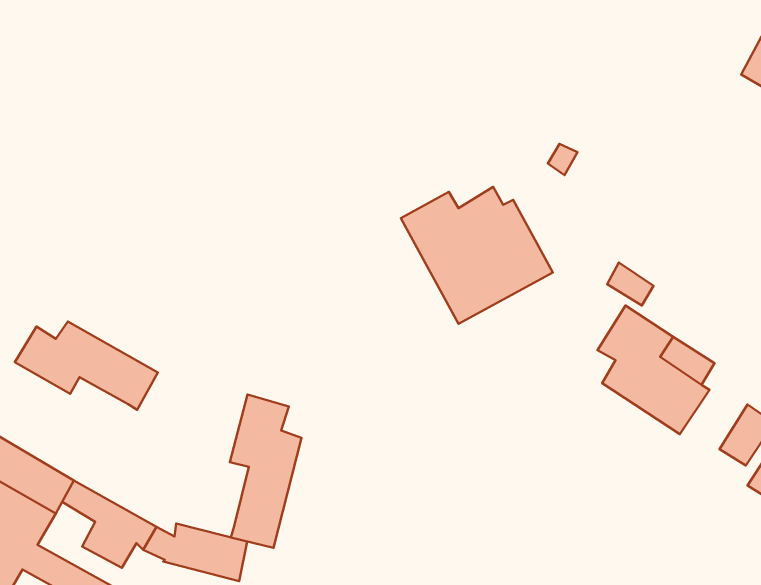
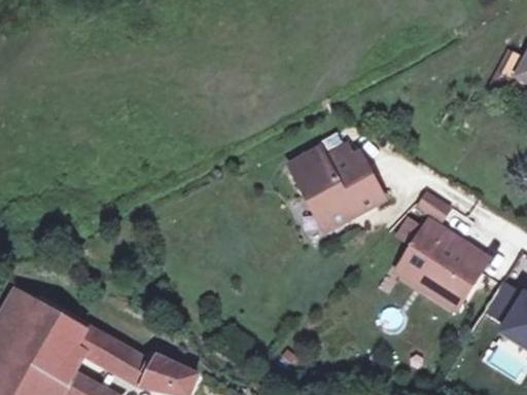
building: [15,321,158,410] -> none
building: none -> [397,247,463,309]
building: [230,394,302,548] -> none

